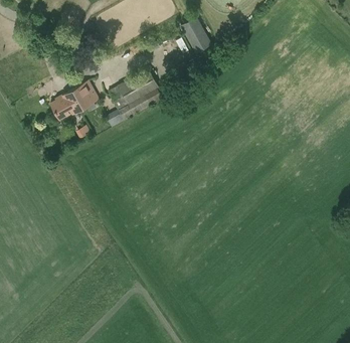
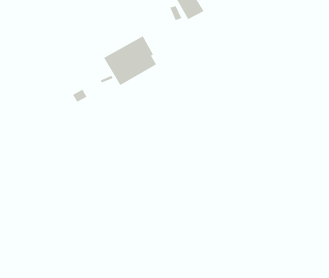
building: [50,80,99,120] -> none

